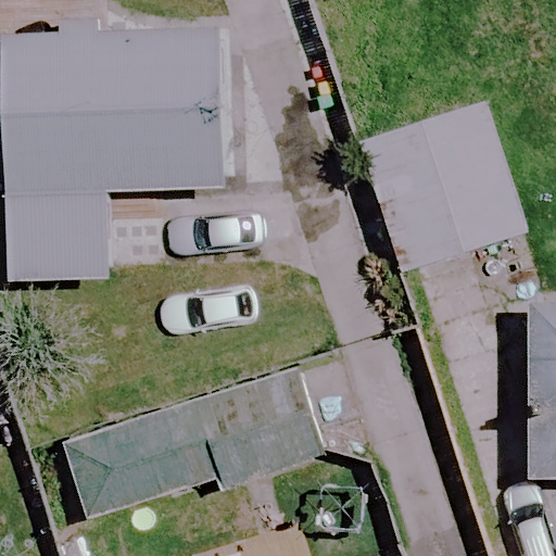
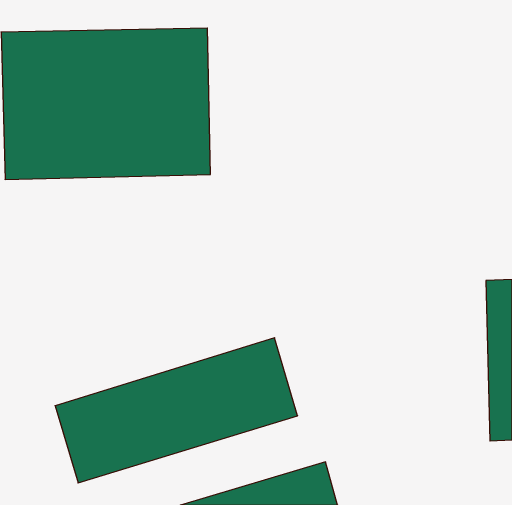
building: [344,94,514,270] -> none

